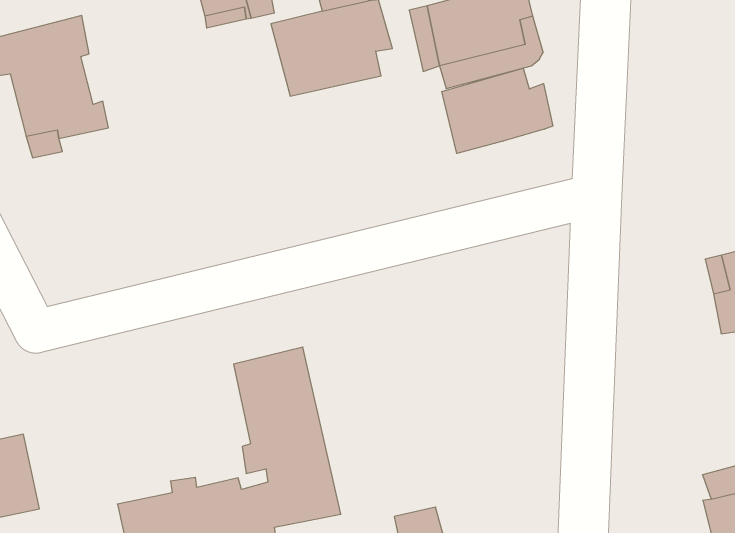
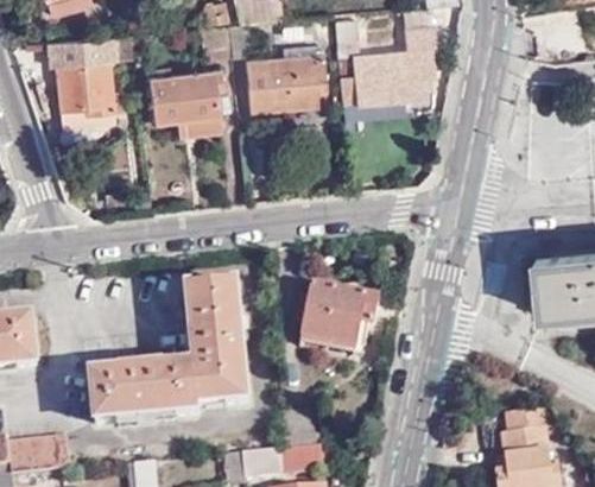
building: none -> [151,69,222,134]
building: [442,68,553,153] -> none
building: none -> [302,286,378,349]

